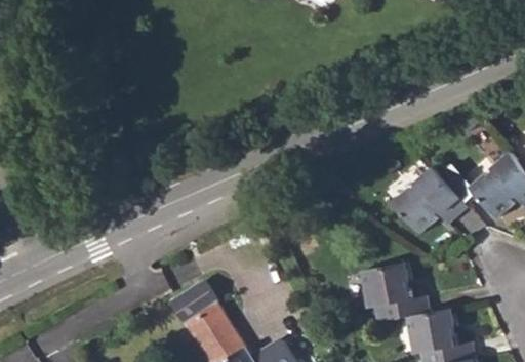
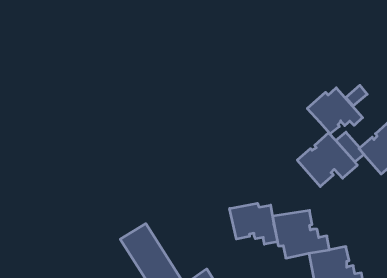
building: none -> [307,88,363,134]
building: none -> [230,203,278,244]

